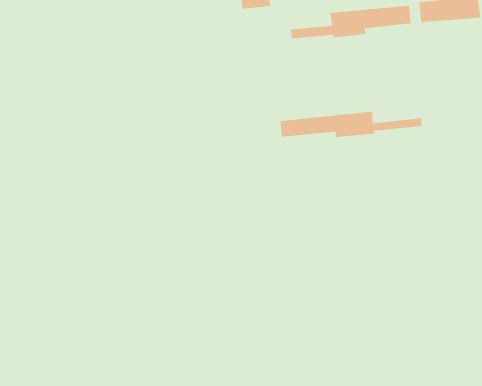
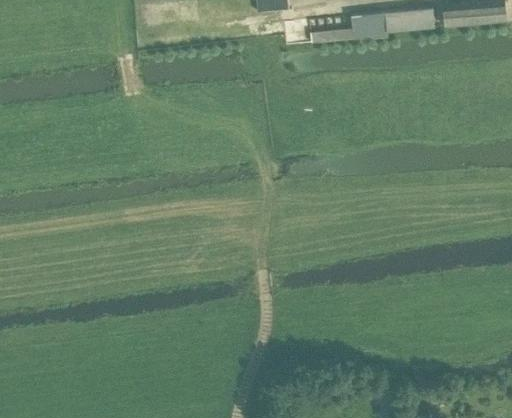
building: [280,111,422,138] -> none

